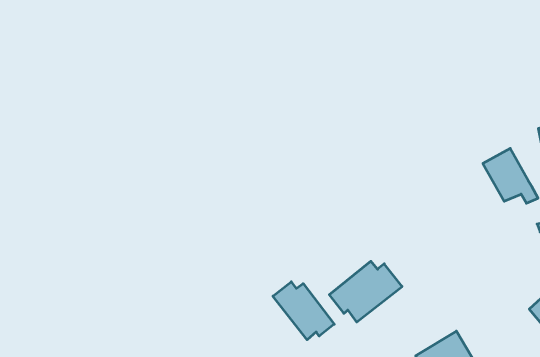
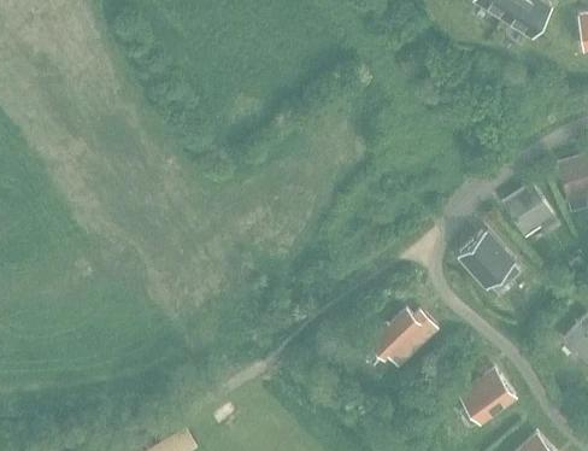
building: none -> [457,229,519,289]
building: [273,282,334,340] -> none

